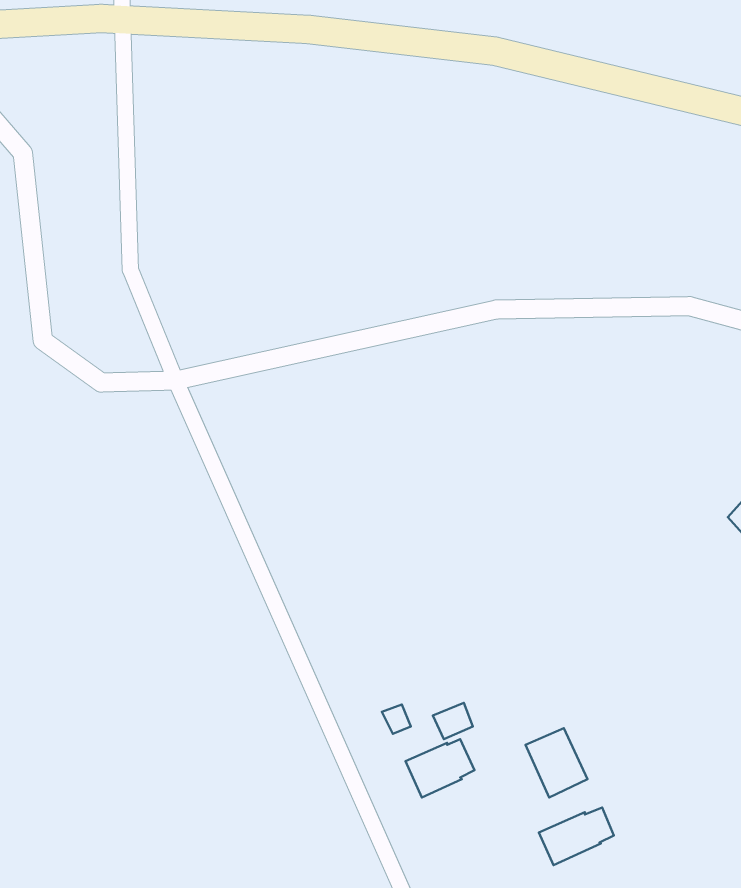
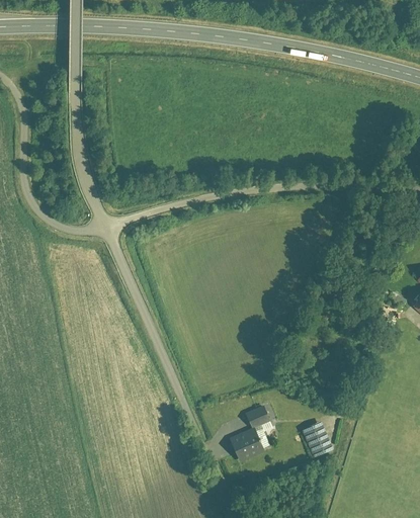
building: [539,807,614,865] -> none

